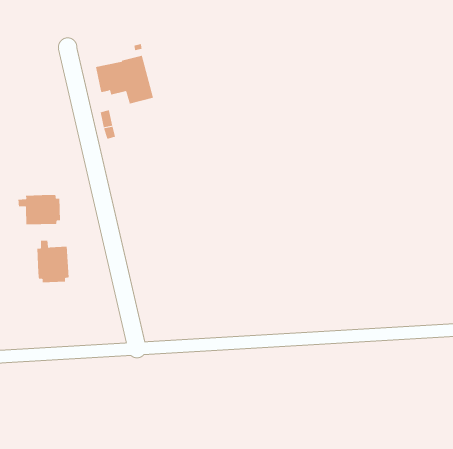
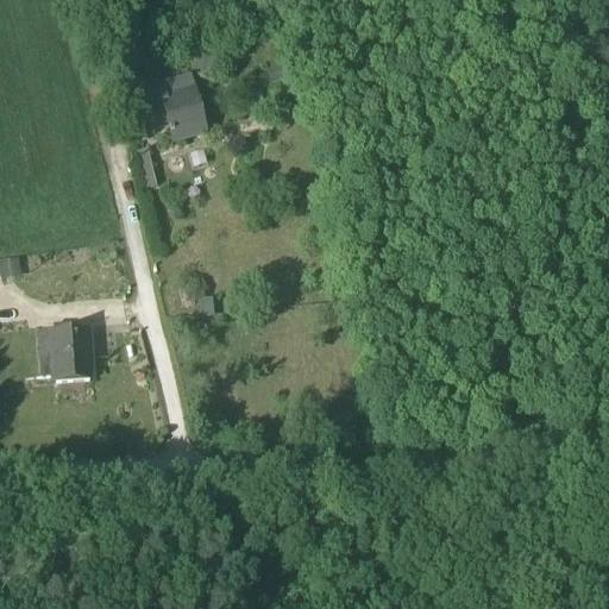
building: [18,194,61,225] -> none

